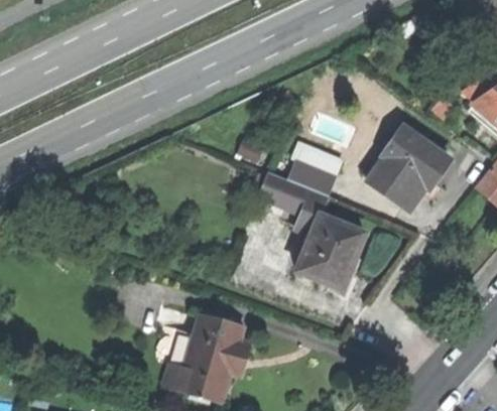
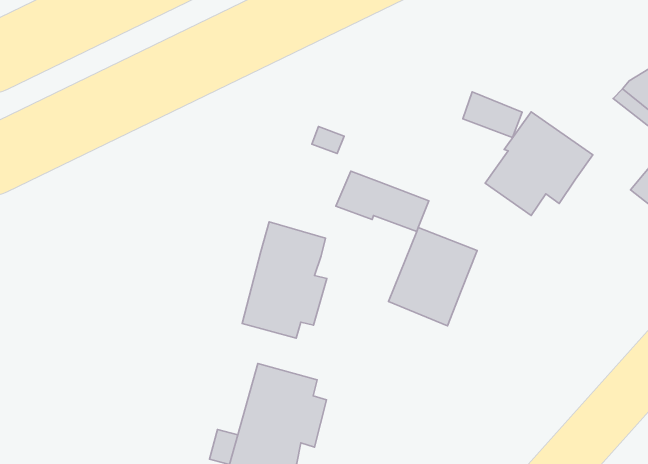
building: [290,157,335,191] -> [463,92,522,138]
building: none -> [242,222,327,338]

